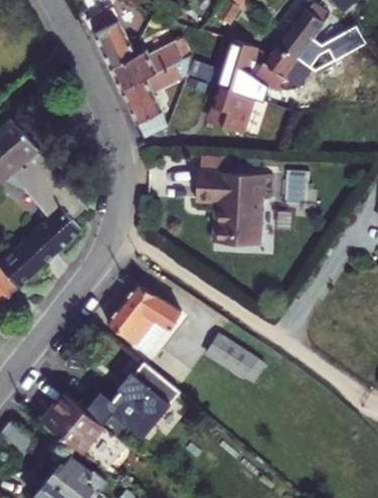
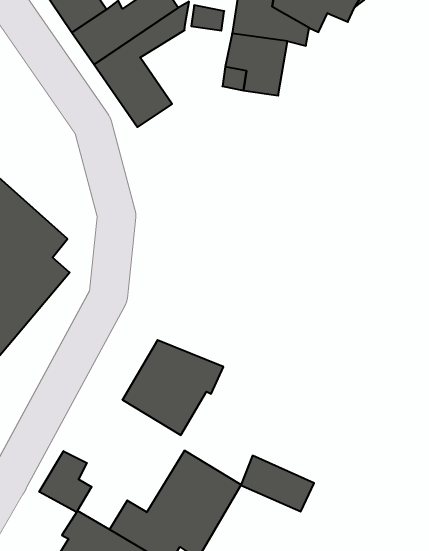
building: [199,173,276,248] -> none
building: [202,333,252,376] -> [241,456,314,512]
building: none -> [39,451,92,512]

